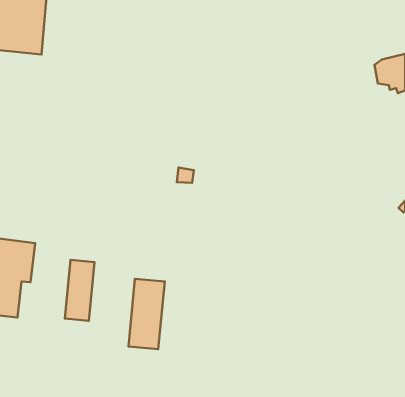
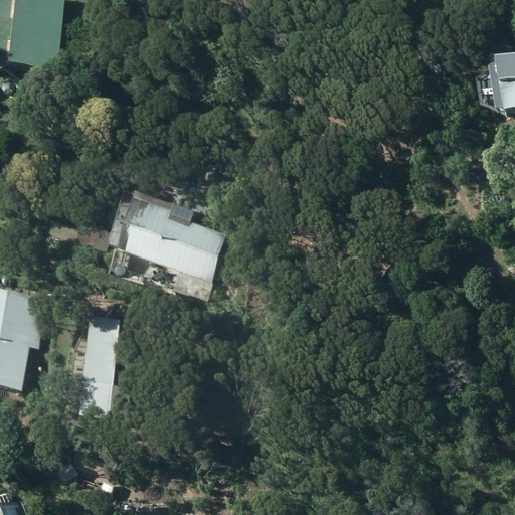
building: none -> [119,219,228,291]
building: [128,279,165,349] -> none

